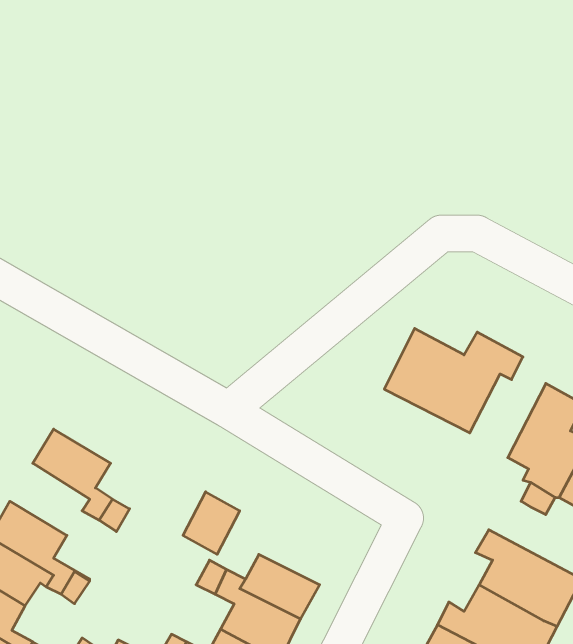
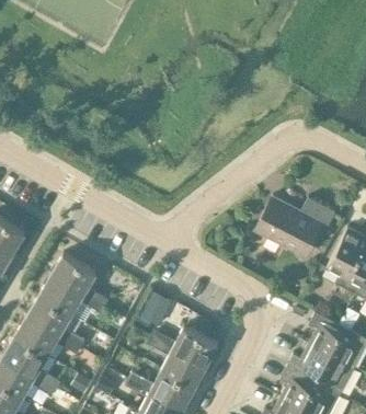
building: none -> [39,274,85,315]

